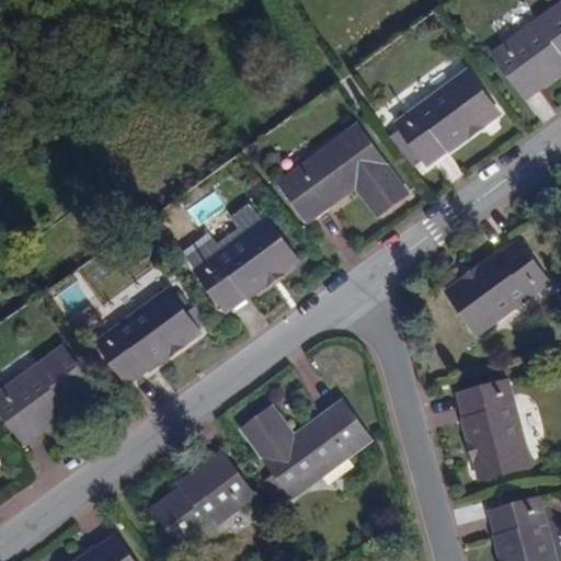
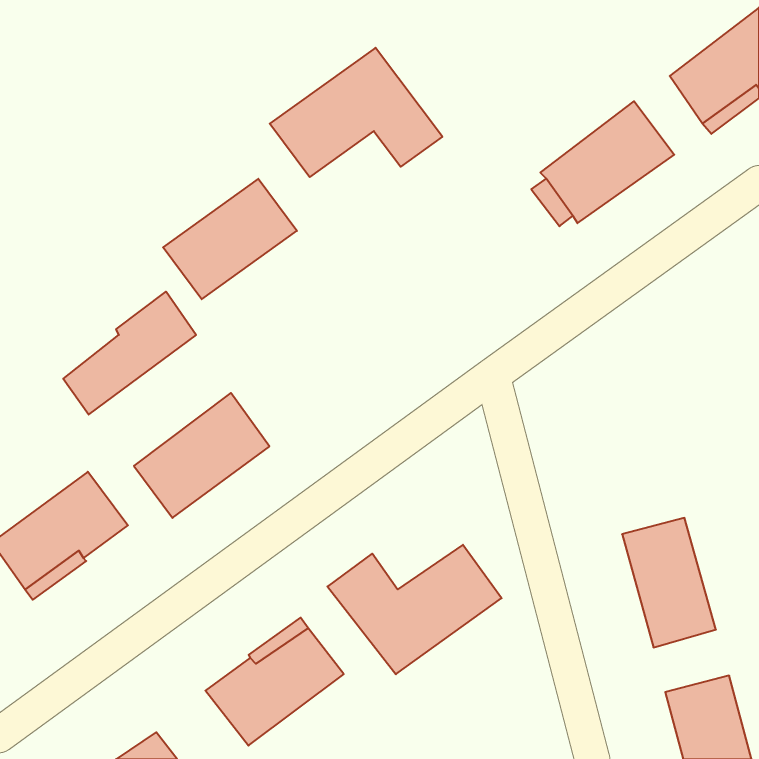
building: [278,126,405,221] -> [270,48,442,177]
building: none -> [63,292,196,415]
building: [196,221,295,310] -> [163,179,297,299]
building: [446,242,546,333] -> none

